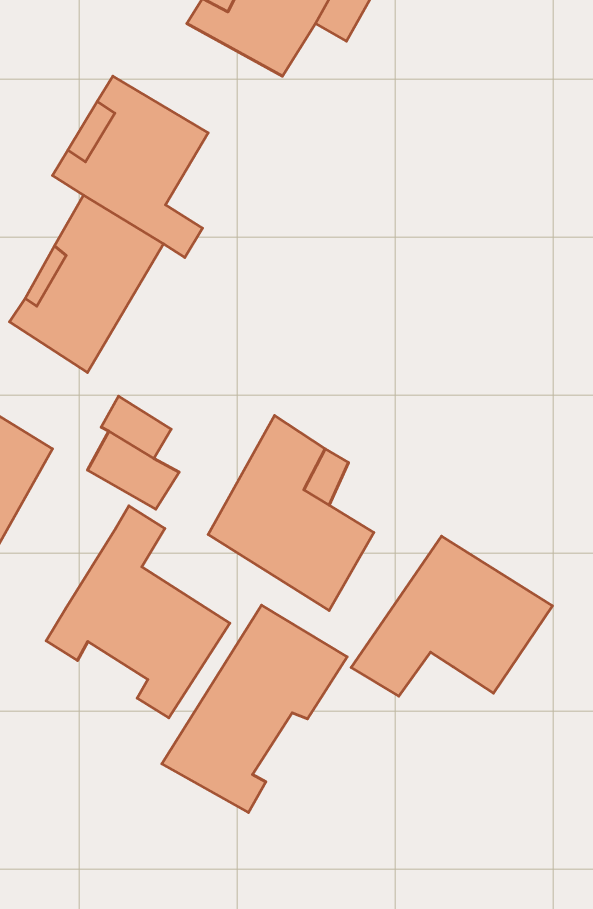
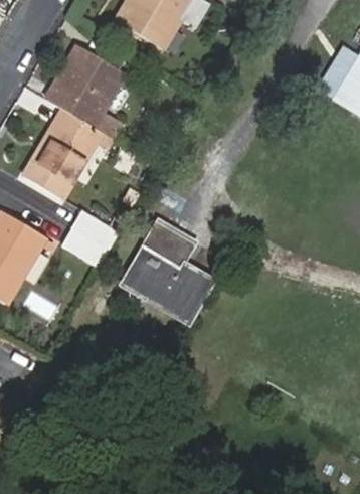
building: [46,506,230,718] -> none
building: [351,536,552,696] -> none
building: [162,605,347,812] -> none

